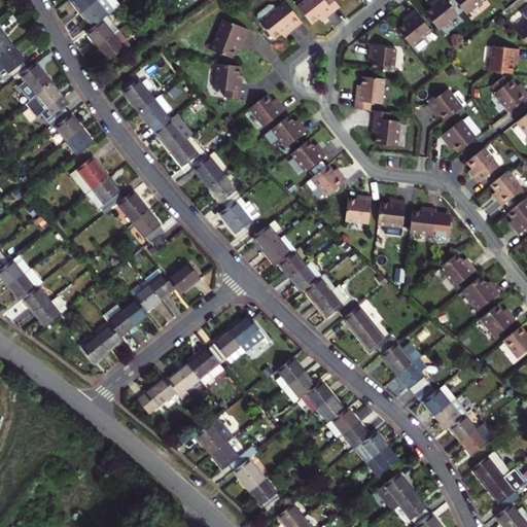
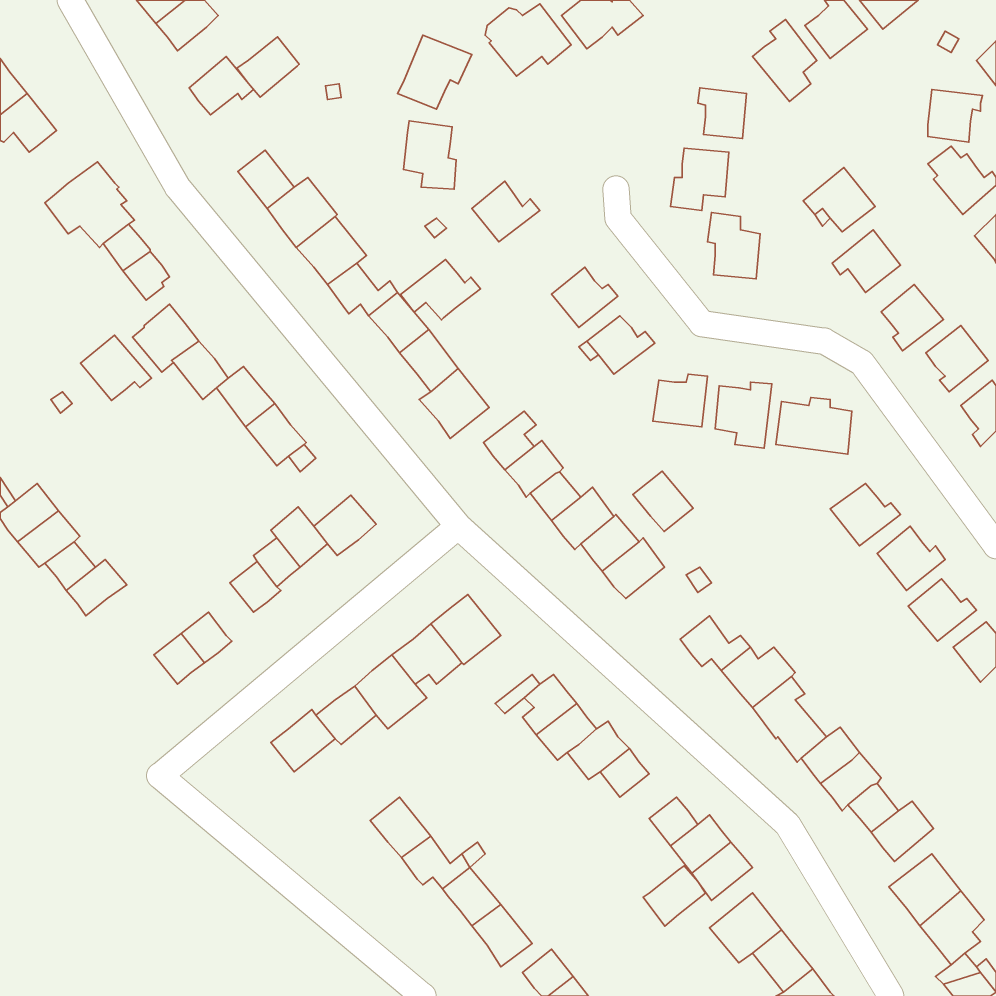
building: [87,14,120,46] -> [237,37,299,97]
building: [17,65,51,103] -> none
building: [265,116,307,148] -> [401,259,480,320]
building: none -> [80,335,151,401]
building: [343,306,375,338] -> [633,471,693,532]
building: [107,308,134,336] -> none
building: [324,407,357,438] -> [643,866,706,926]

